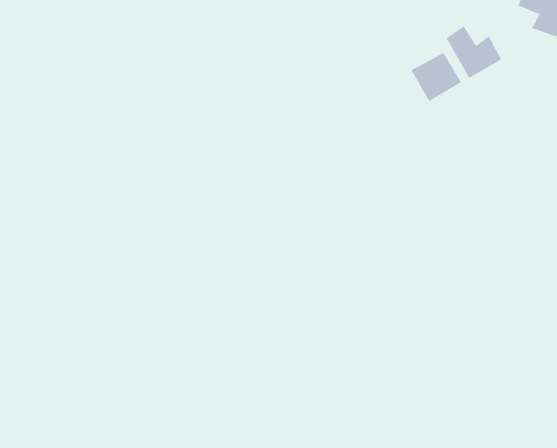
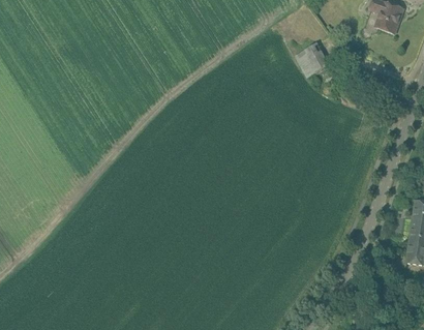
building: [446,26,502,79] -> none

